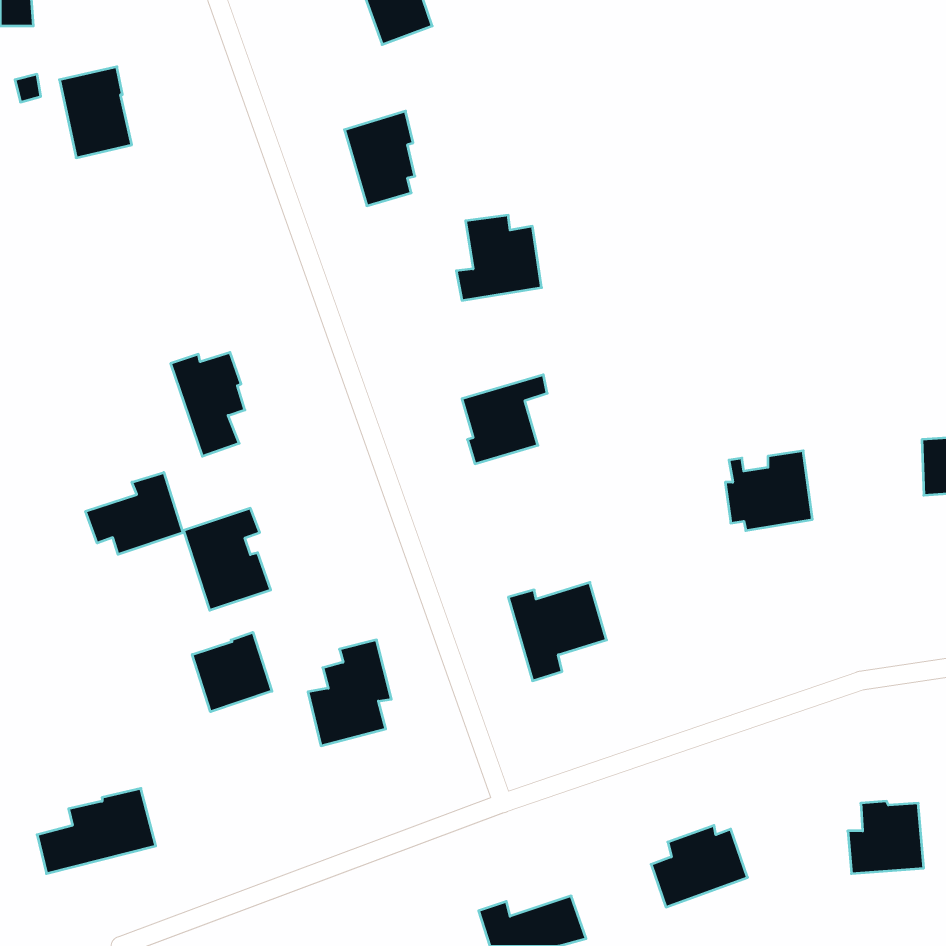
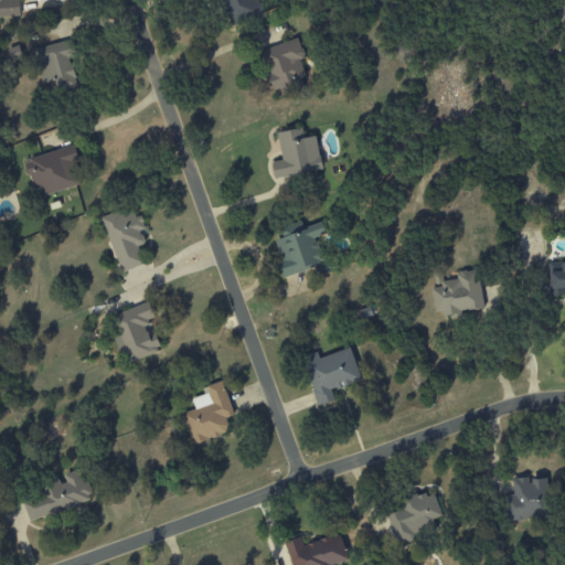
building: [344,111,415,206] -> [264,38,306,94]
building: none -> [28,146,83,196]
building: [86,472,183,554] -> none
building: [192,632,272,712] -> none

